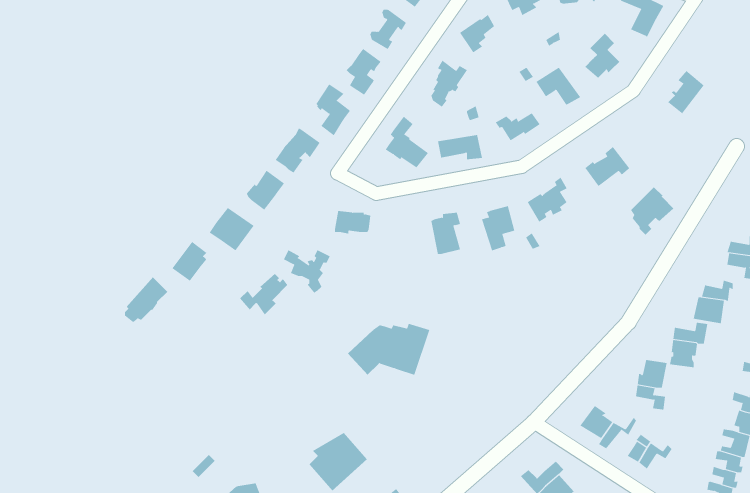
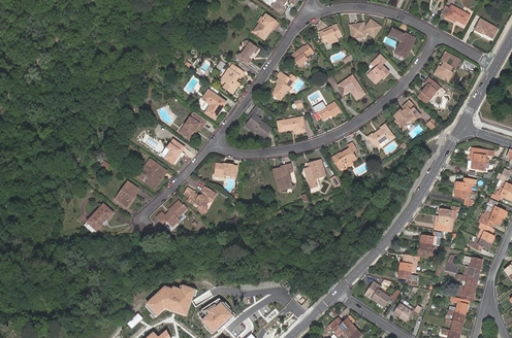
building: none -> [434,48,461,79]
building: [630,186,674,235] -> [393,101,420,131]
building: [347,323,430,376] -> [146,285,196,317]

